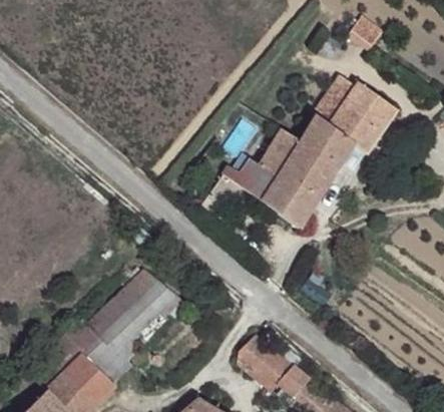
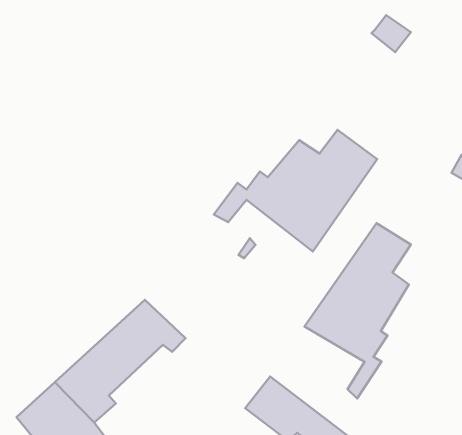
building: [315,77,395,151] -> none
building: none -> [305,223,411,399]

